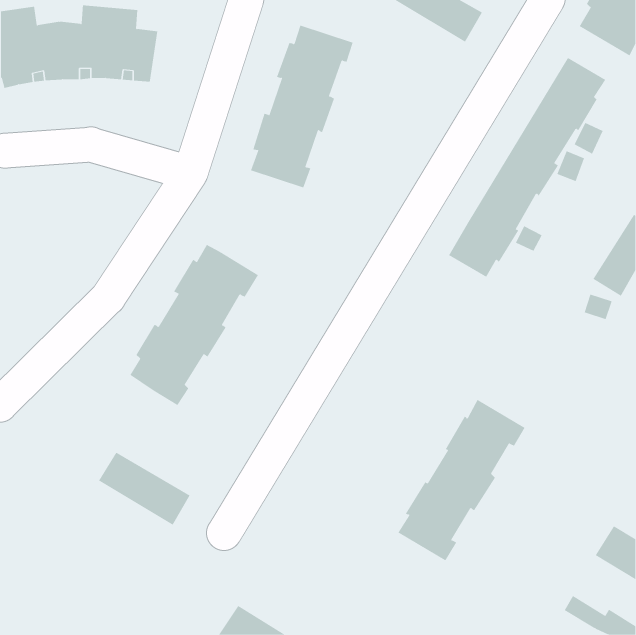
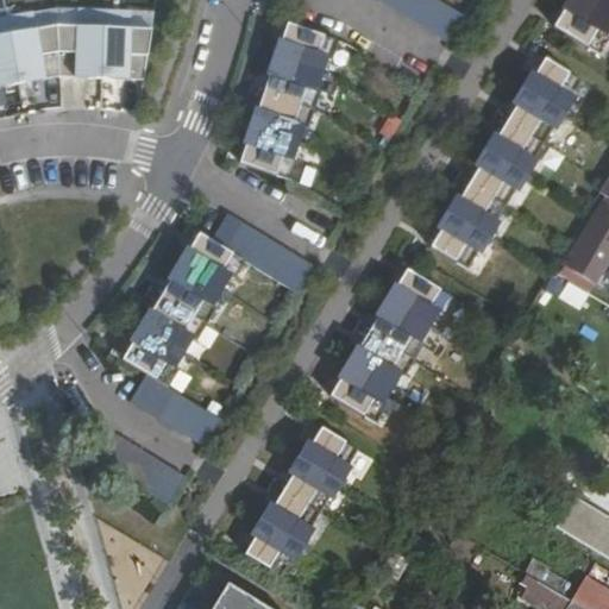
building: none -> [211,213,309,290]
building: none -> [130,373,216,444]
building: [397,399,526,561] -> [333,265,456,420]
building: none -> [243,421,357,572]

